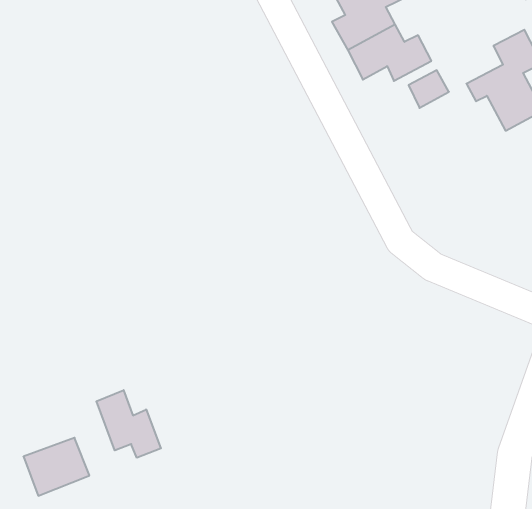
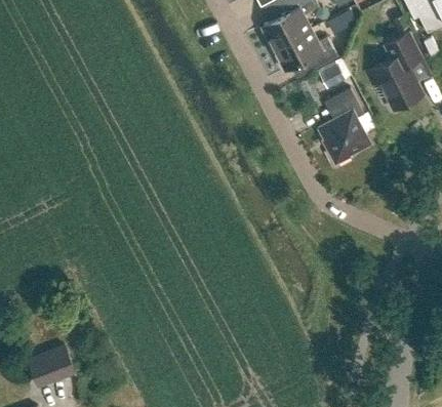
building: none -> [318,88,369,165]
building: [96,390,161,458] -> none

